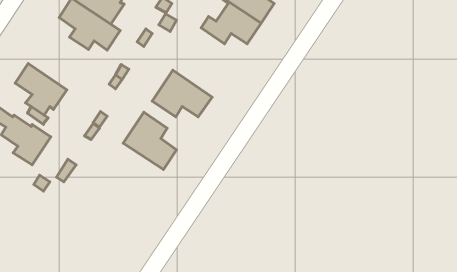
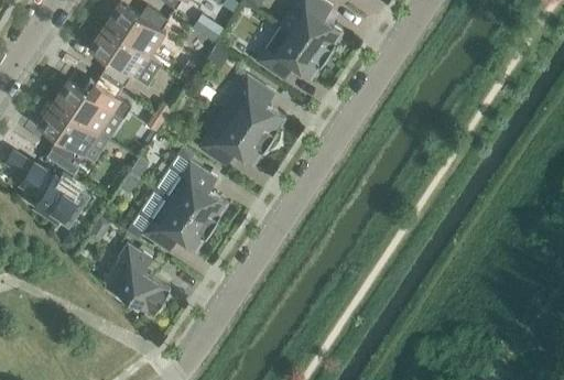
building: none -> [223,75,284,142]
building: none -> [53,79,130,133]
building: none -> [140,196,212,251]
building: none -> [102,243,170,314]

